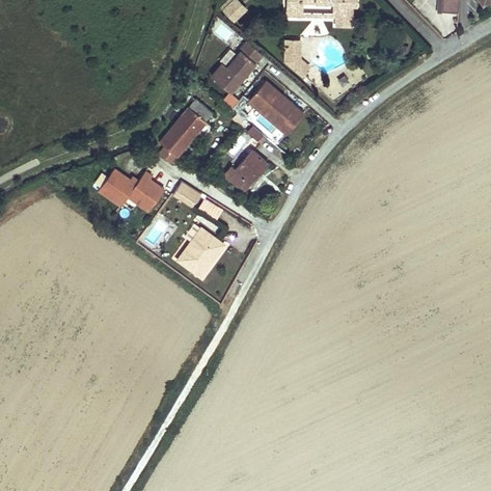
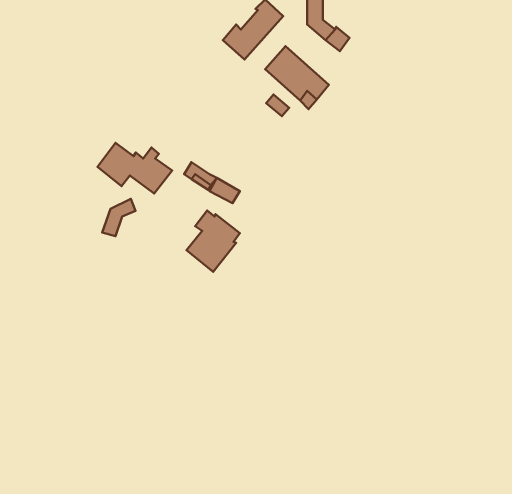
building: [162,100,212,155] -> none
building: [221,151,269,197] -> none
building: none -> [102,199,136,236]

